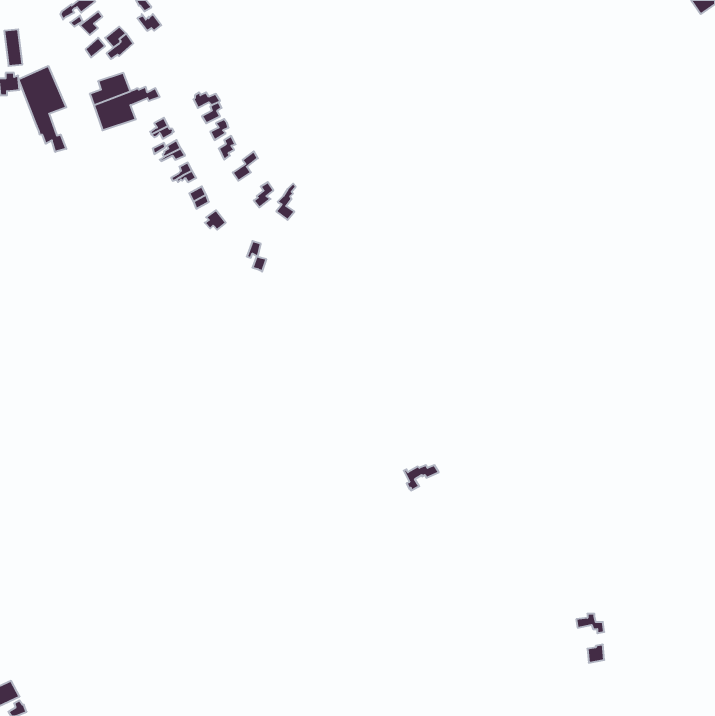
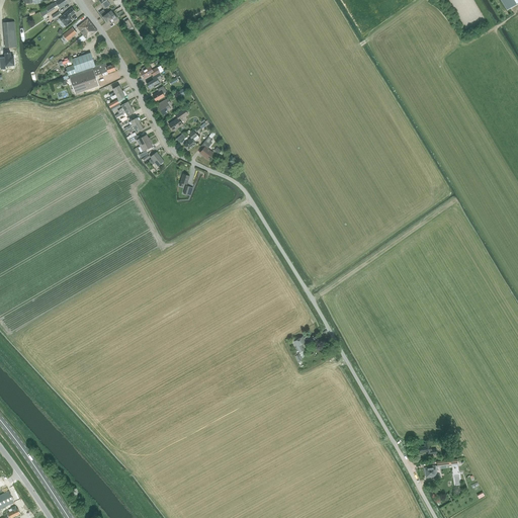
building: [19,66,66,152] -> none

